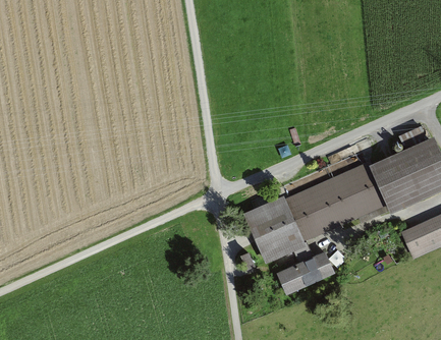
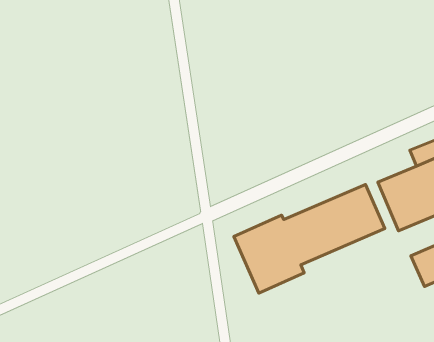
building: [276,250,337,295] -> none

